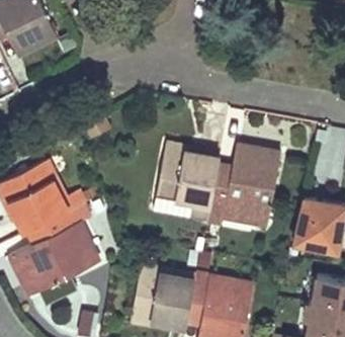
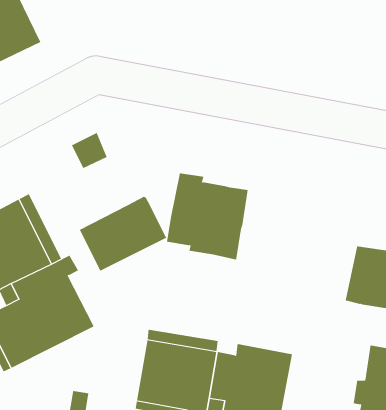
building: [207,142,281,228] -> none
building: none -> [79,196,167,271]

